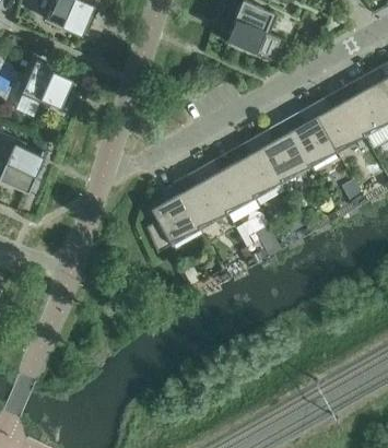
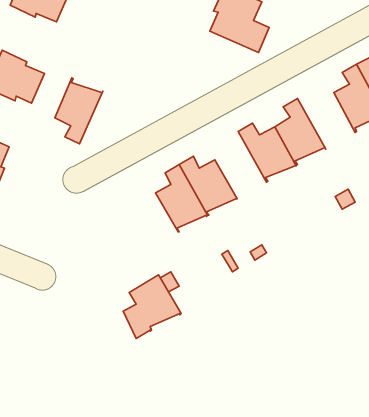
building: none -> [55,78,103,144]
building: [310,98,364,153] -> none
building: [234,137,282,199] -> none
building: [146,193,200,252] -> [123,275,181,338]

